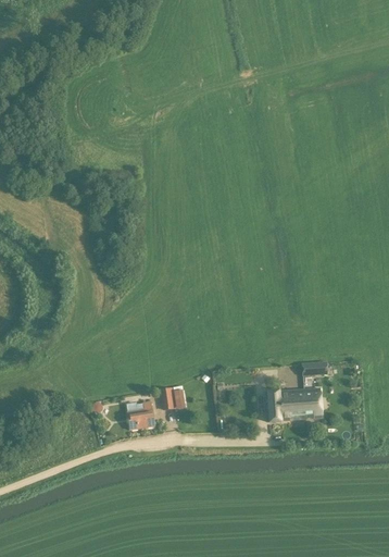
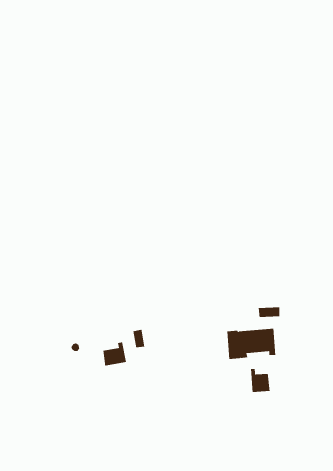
building: none -> [251,368,270,393]

